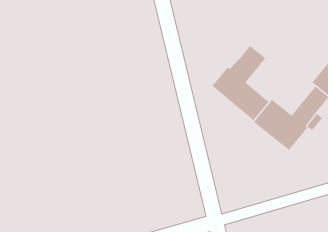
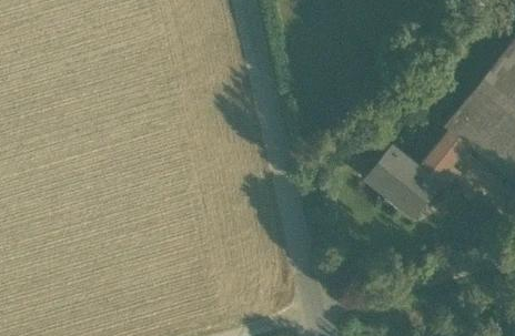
building: [212,45,269,121] -> none

